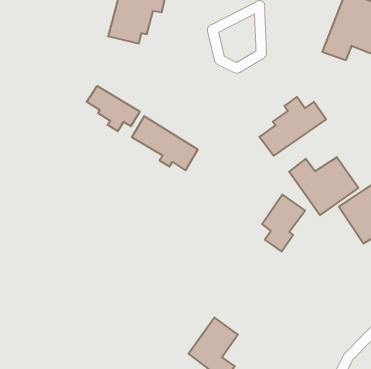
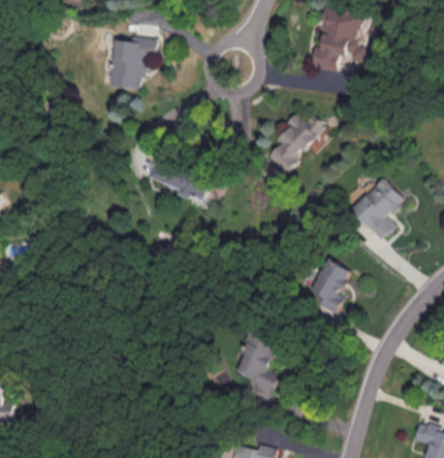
building: [87,86,140,131] -> none
building: [289,157,358,215] -> none
building: [262,194,305,252] -> [313,259,351,313]

